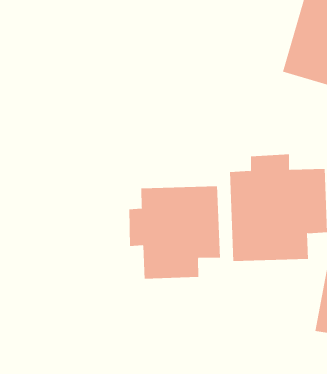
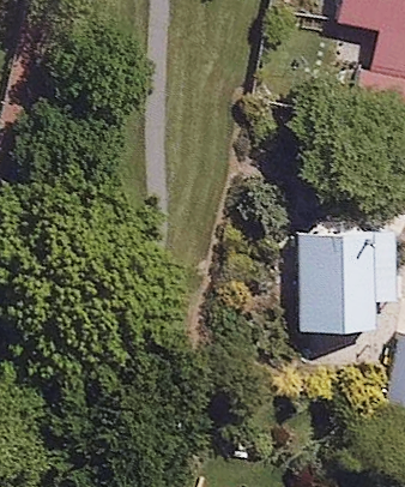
building: [129,185,220,280] -> none

